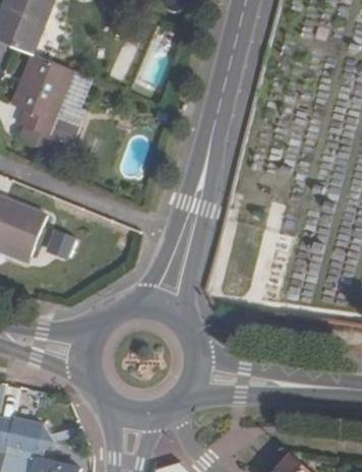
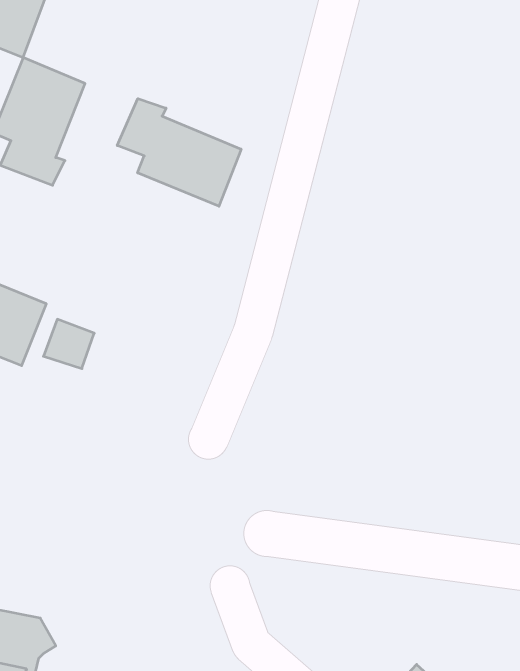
building: none -> [117,99,241,206]

